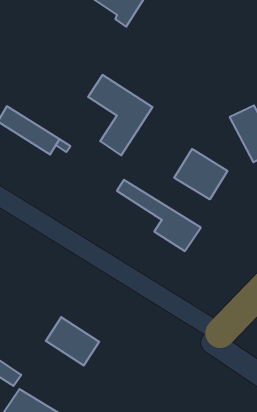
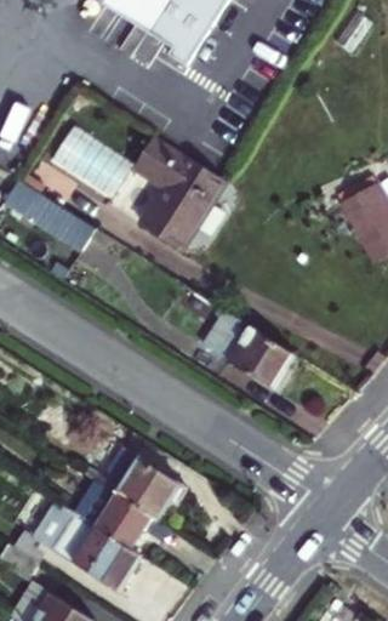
building: none -> [51,124,135,199]
building: [174,149,227,199] -> none
building: none -> [82,448,184,520]
building: none -> [29,502,138,592]

